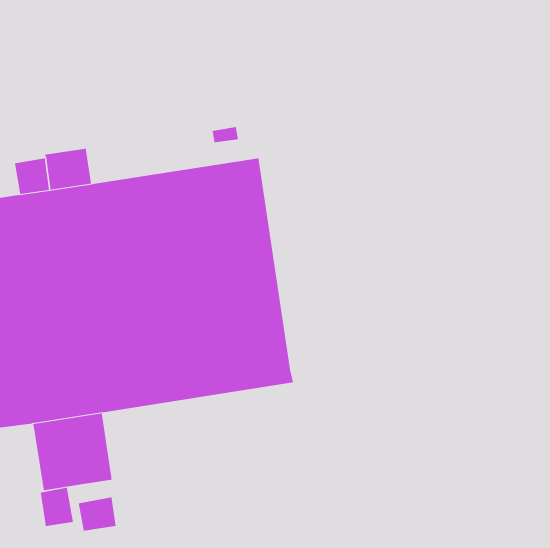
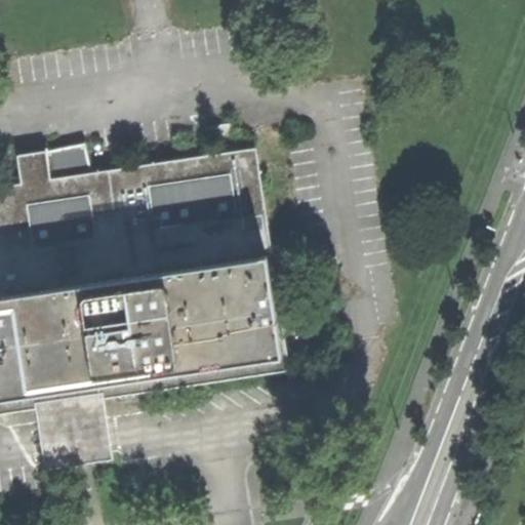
building: [40,487,74,527] -> none
building: [78,496,116,532] -> none

